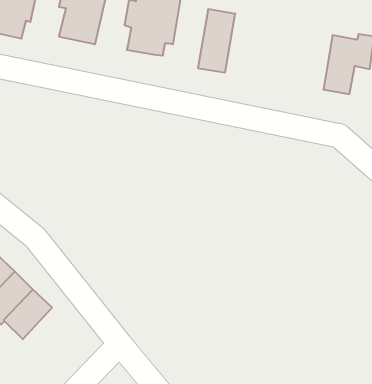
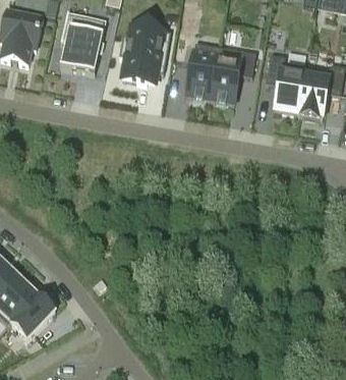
building: none -> [210,45,255,102]
building: none -> [265,53,306,113]

